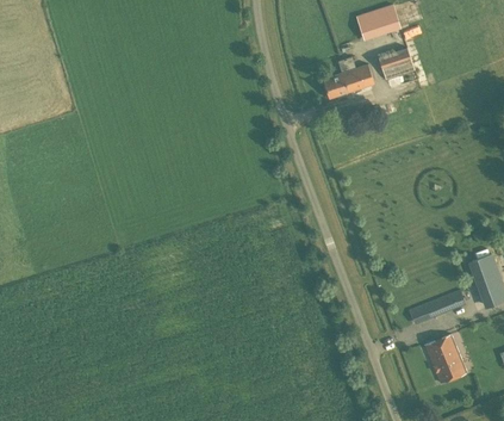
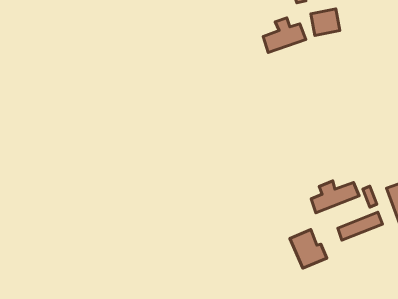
building: none -> [311,181,359,213]
building: [424,336,468,383] -> [290,229,327,268]

